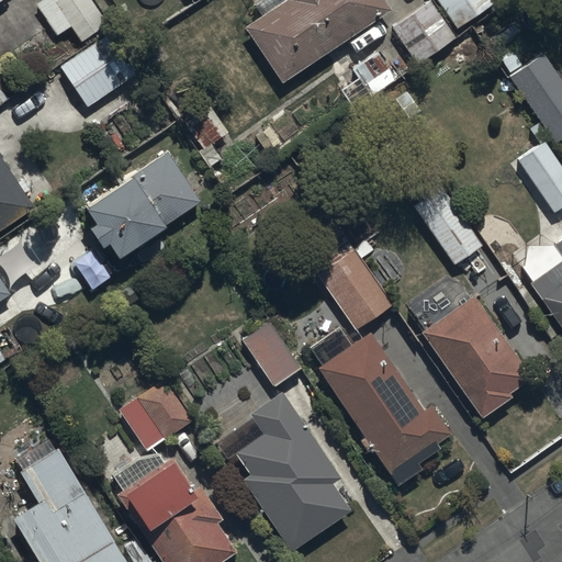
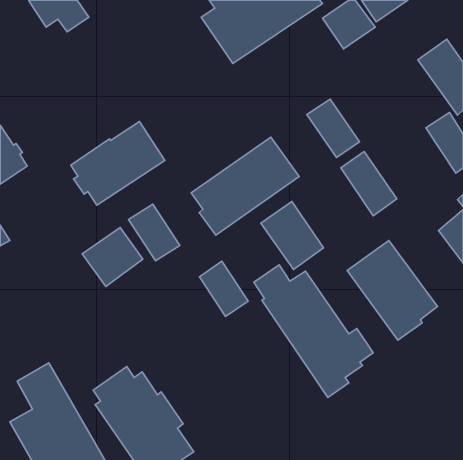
building: [60,35,140,108] -> none
building: none -> [307,99,360,157]
building: none -> [191,137,299,235]
building: none -> [129,204,180,261]
building: [119,380,192,451] -> [82,227,143,286]
building: [226,391,350,549] -> none

